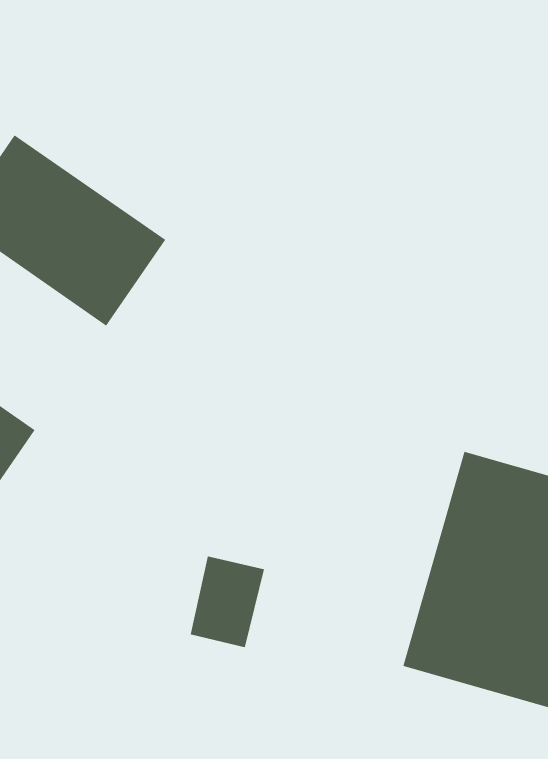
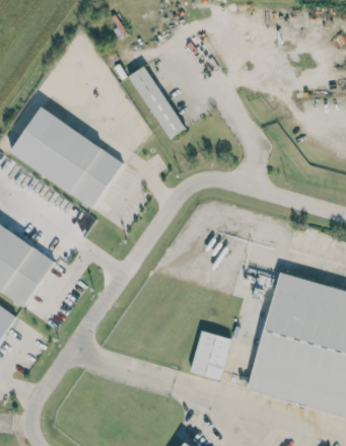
building: none -> [128,66,184,137]
building: [190,556,265,648] -> [191,330,230,379]

